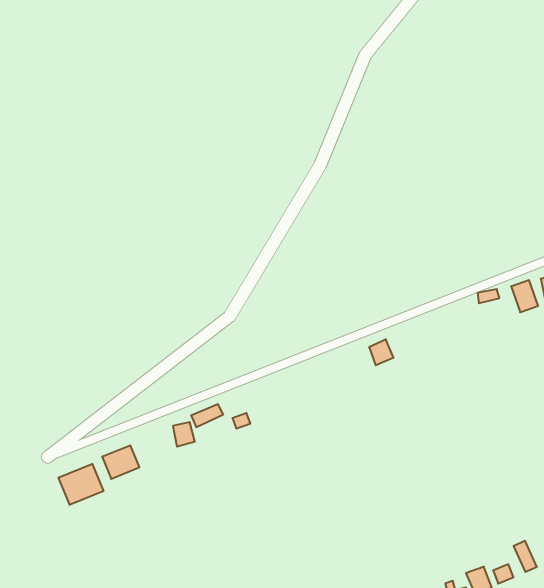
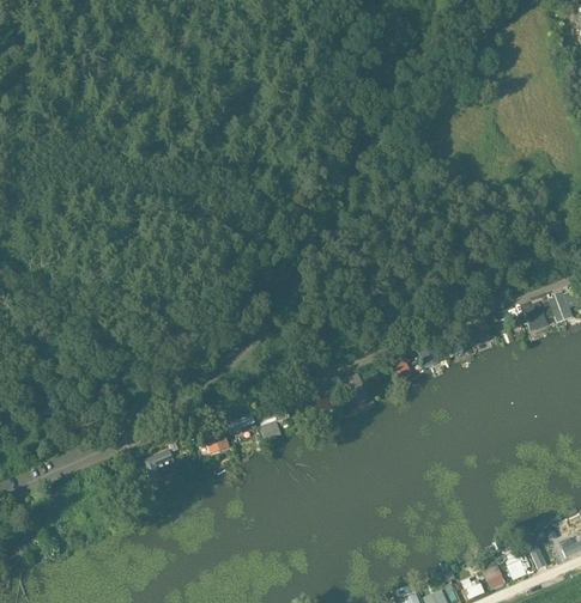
building: [59,464,103,505] -> none

